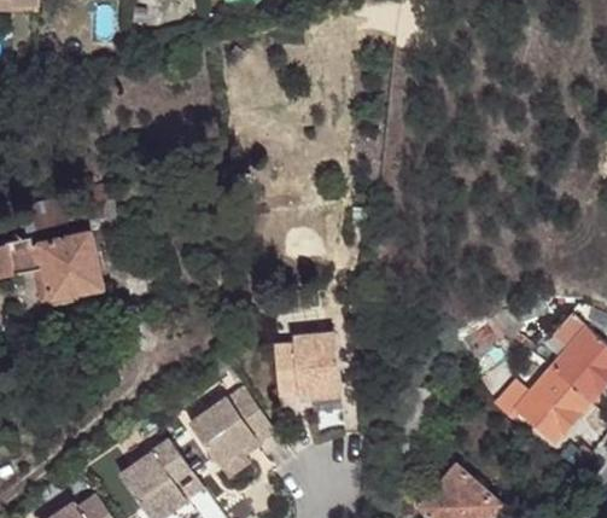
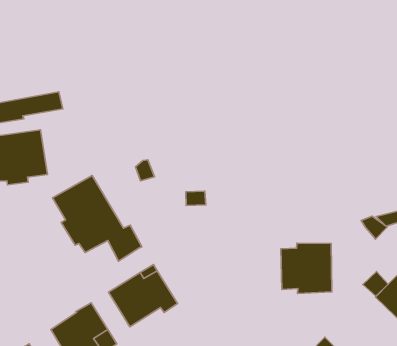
building: none -> [52,176,142,261]
building: [274,336,340,400] -> [281,243,332,293]

